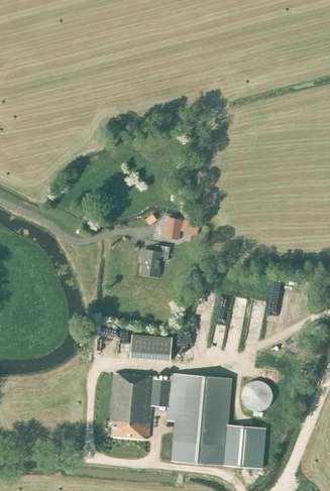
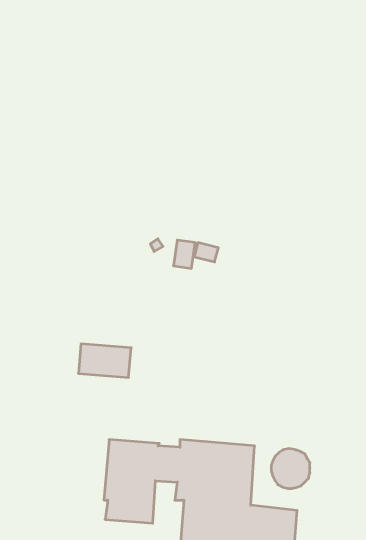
building: [141,245,170,276] -> none
building: [130,334,172,360] -> [78,344,131,377]

